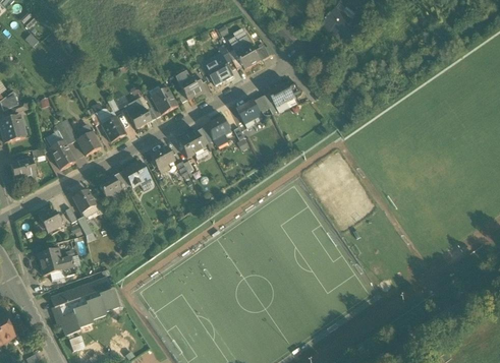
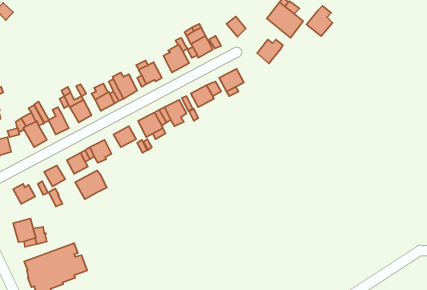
building: none -> [307,6,332,36]
building: none -> [257,39,283,64]
building: none -> [75,170,107,199]

